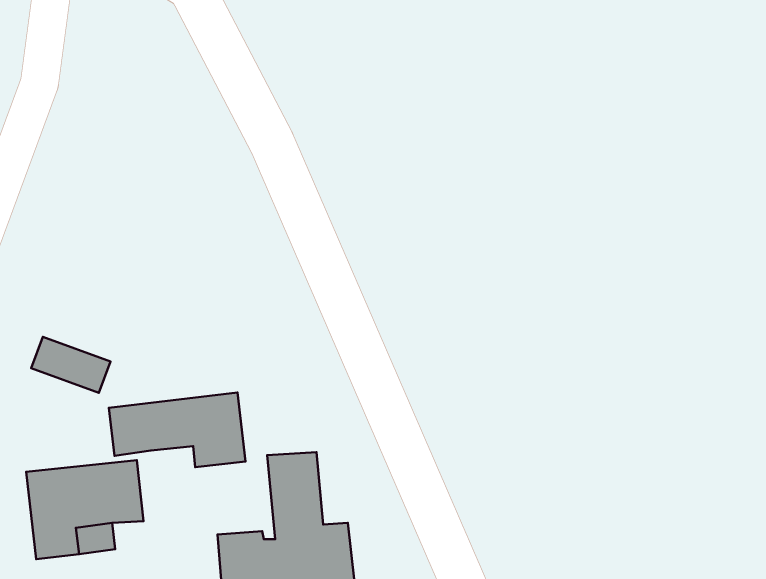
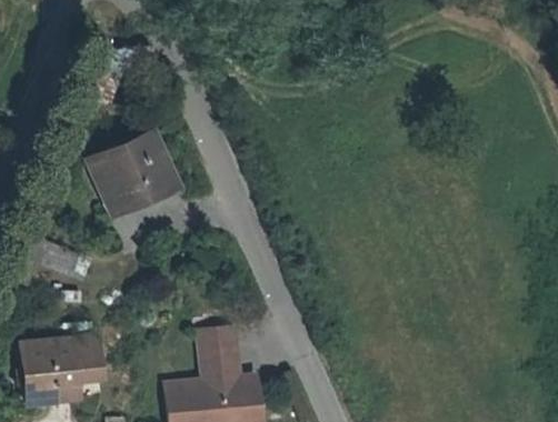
building: none -> [90,138,173,213]
building: [109,392,245,467] -> none

